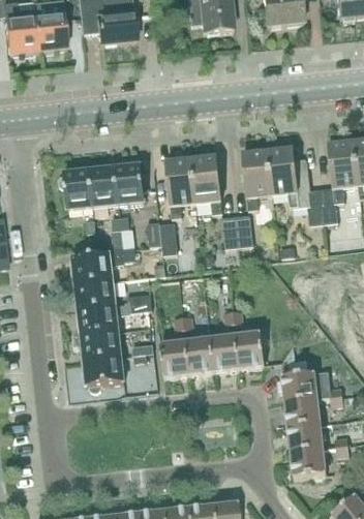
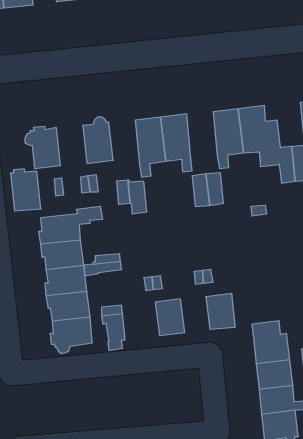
building: [89,164,119,206] -> [10,169,41,211]
building: [211,335,240,370] -> none
building: [160,340,190,376] -> none

